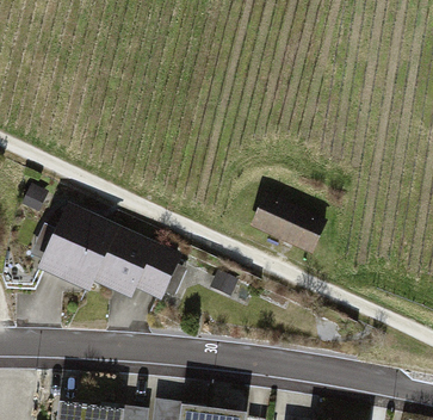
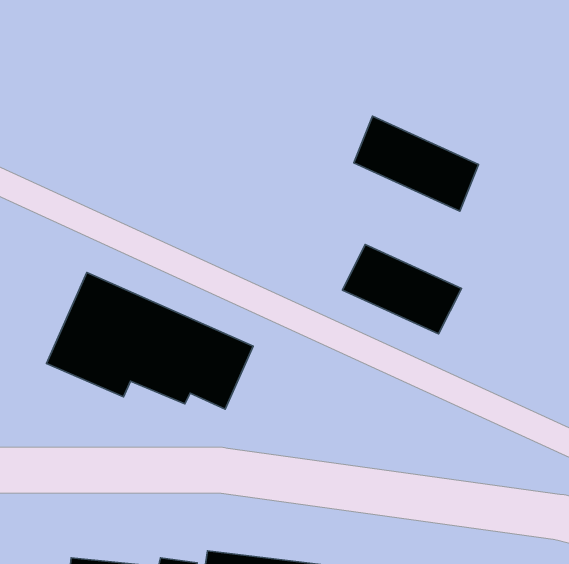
building: none -> [354,116,479,211]

